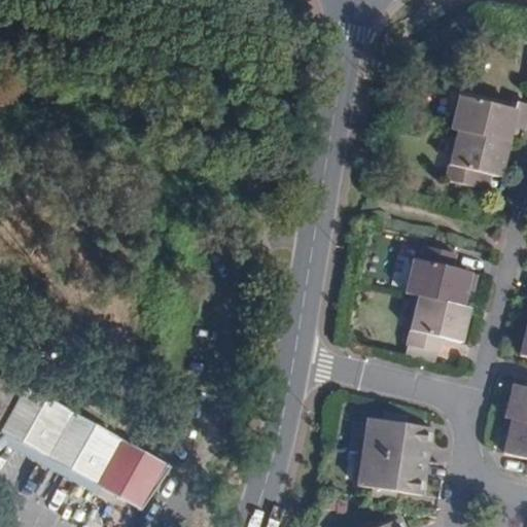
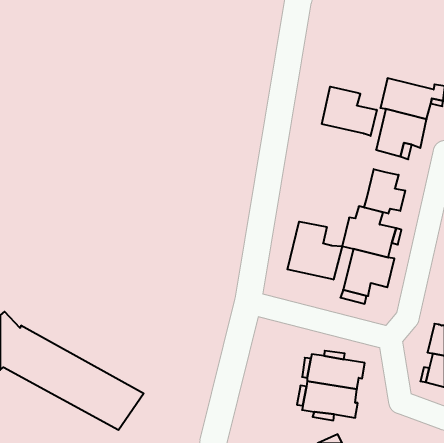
building: none -> [322,87,377,136]
building: none -> [364,169,405,214]
building: none -> [287,222,342,280]

